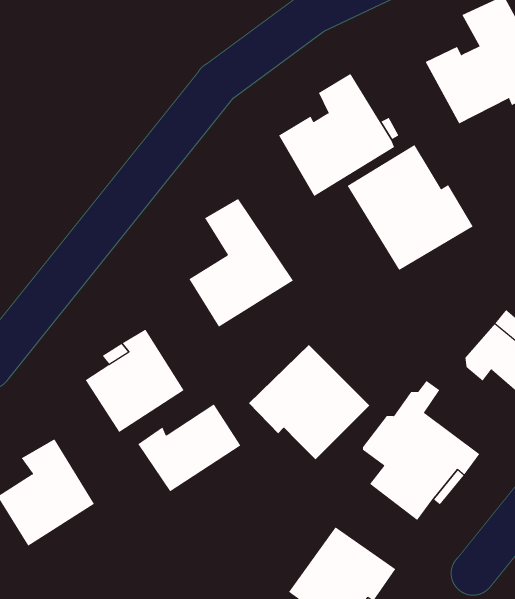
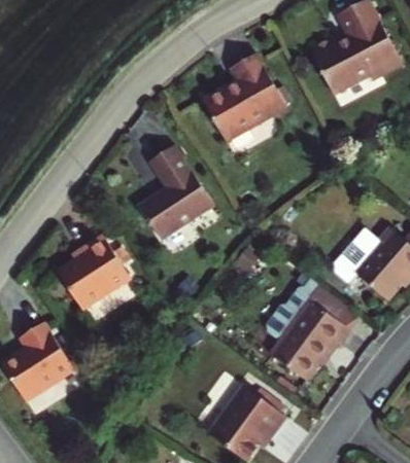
building: [347,144,474,271] -> none
building: [248,344,370,460] -> none
building: [137,404,241,492] -> none

